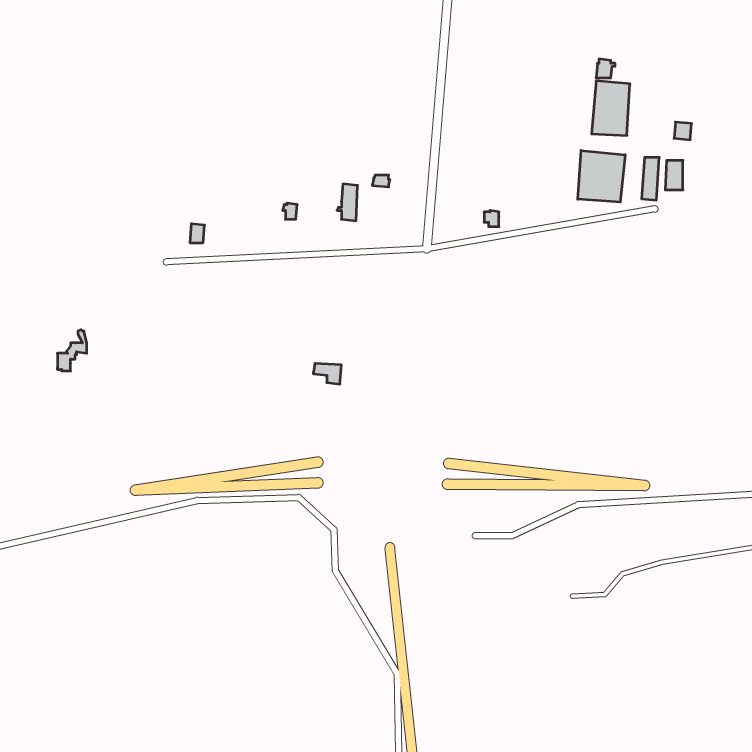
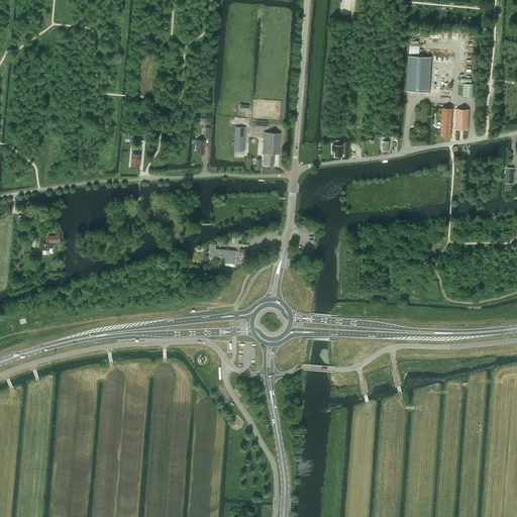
building: [578,150,625,202] -> none
building: none -> [263,132,280,166]

